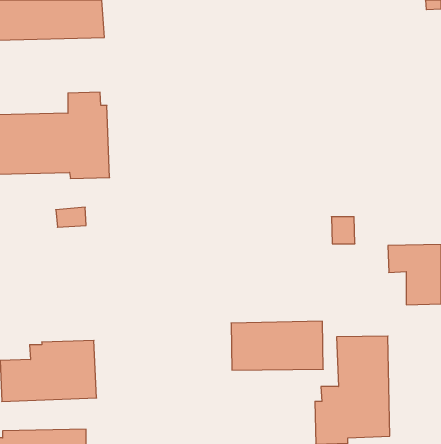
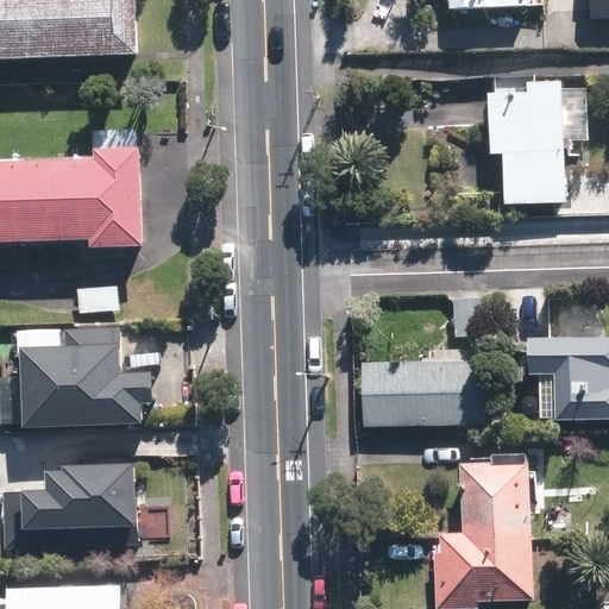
building: none -> [490,74,564,197]
building: none -> [15,328,146,428]
building: [231,321,323,370] -> [362,357,488,423]

